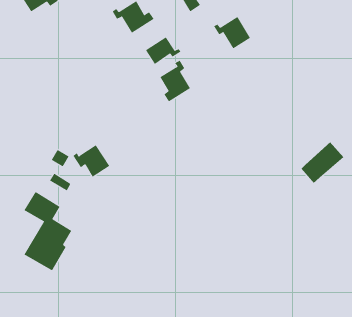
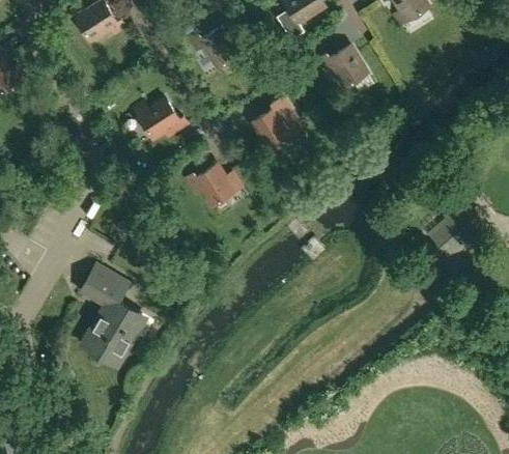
building: [145,36,181,65] -> none
building: none -> [134,98,188,138]
building: [72,144,110,177] -> [187,164,234,205]

